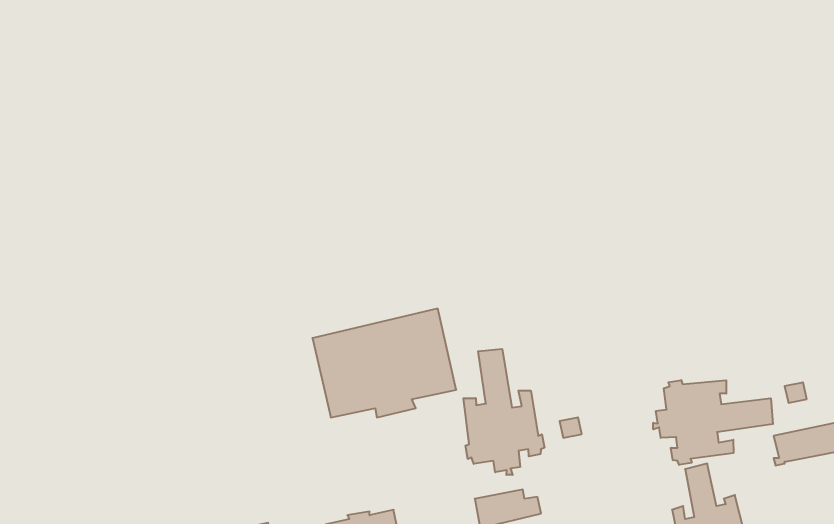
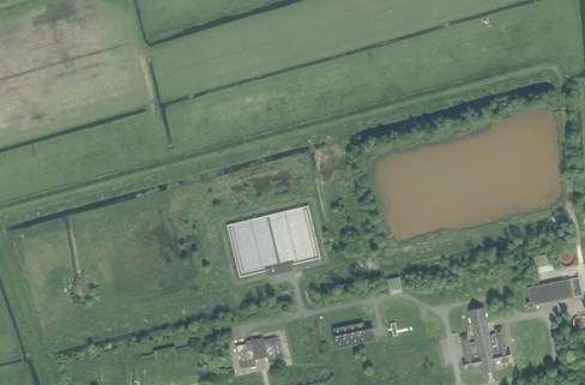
building: [463,349,544,475] -> none
building: [653,380,773,465] -> none

